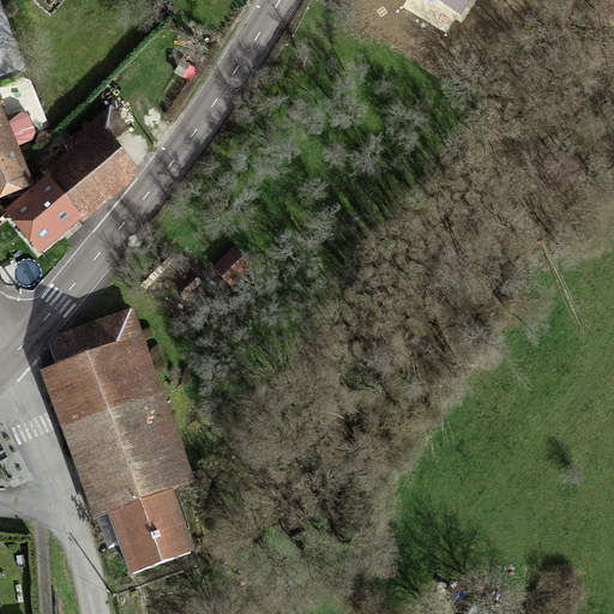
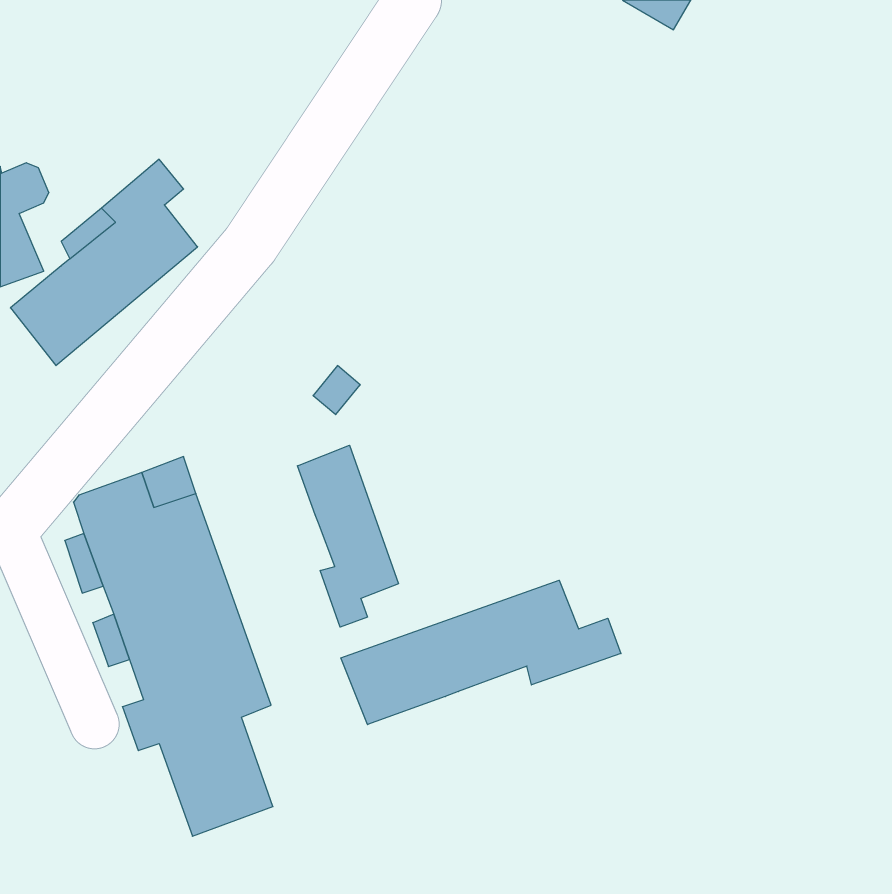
building: none -> [297,445,399,627]
building: none -> [341,580,621,725]

